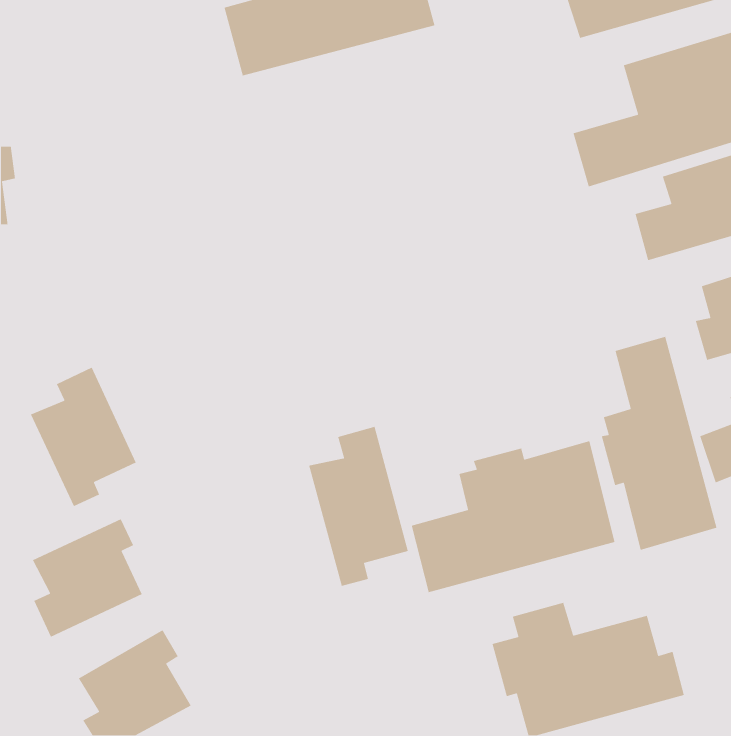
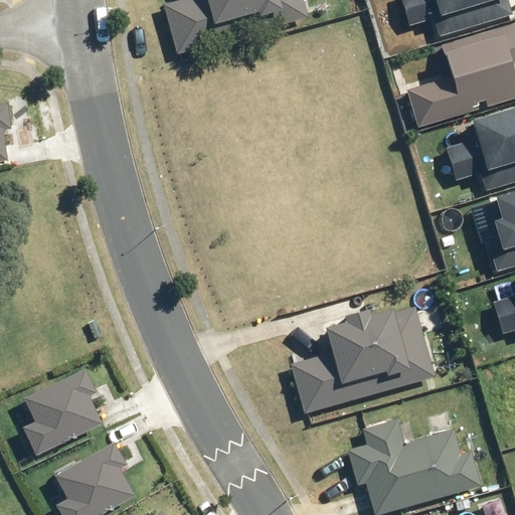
building: [601,336,718,551] -> none
building: [30,367,137,507] -> none
building: [308,426,409,587] -> none

